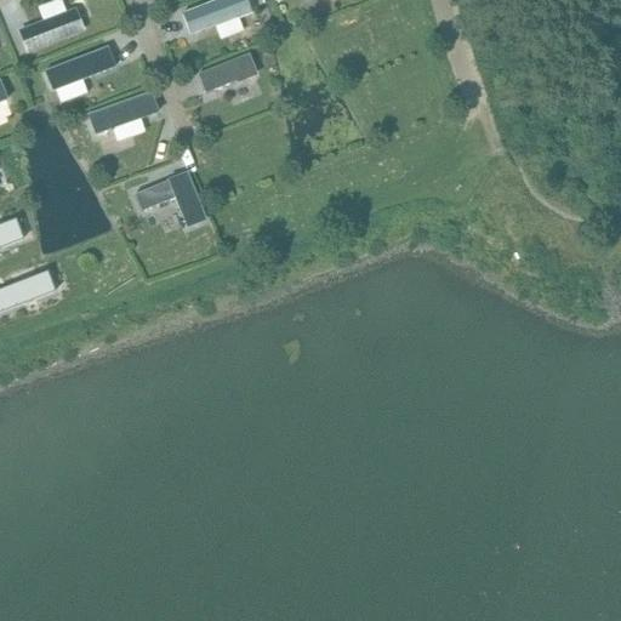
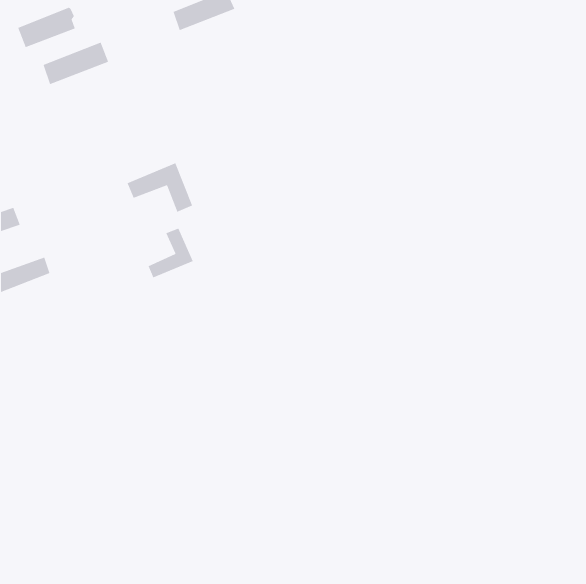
building: [198,53,255,92] -> none
building: [90,91,158,132] -> none
building: none -> [147,227,194,279]

